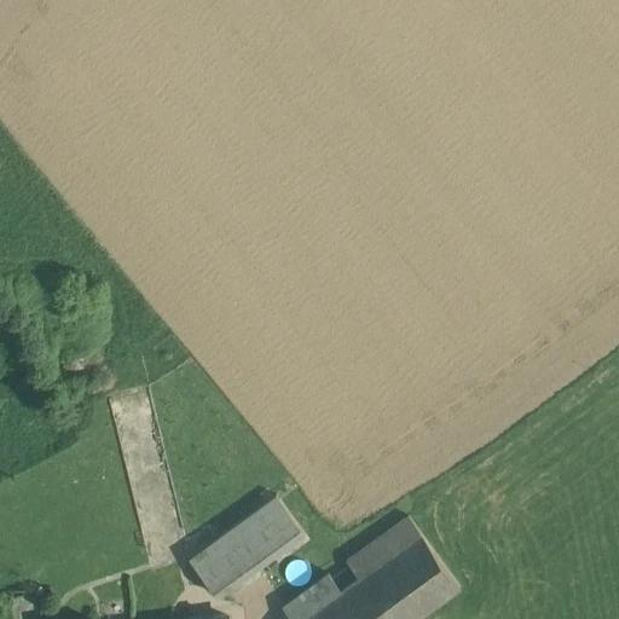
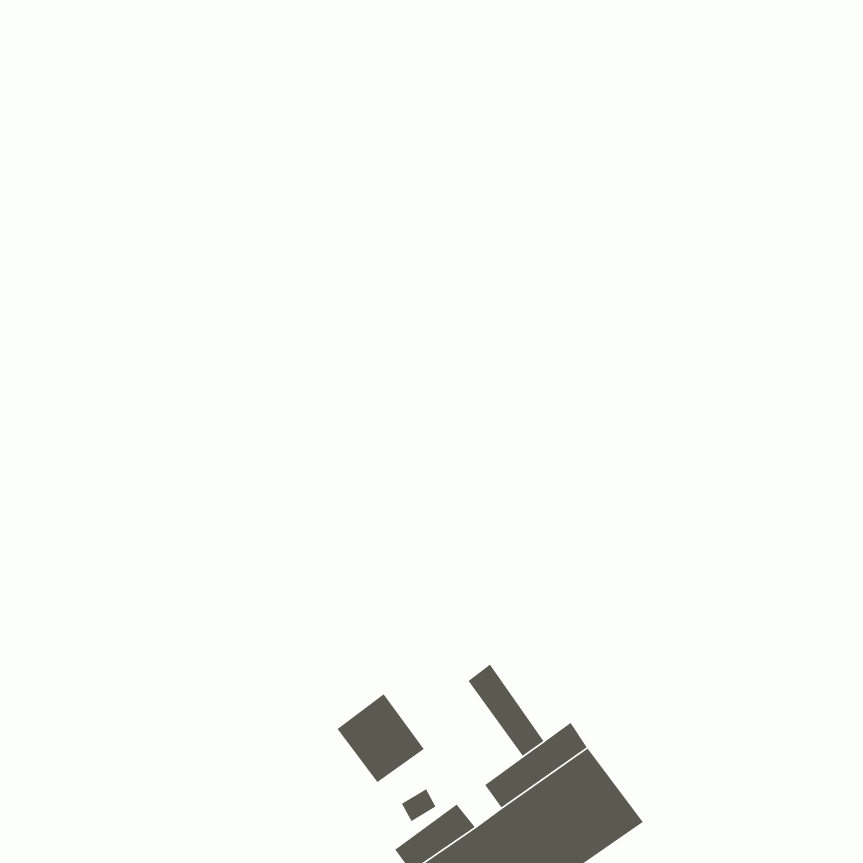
building: none -> [468,664,545,757]
building: [186,522,268,598] -> none

